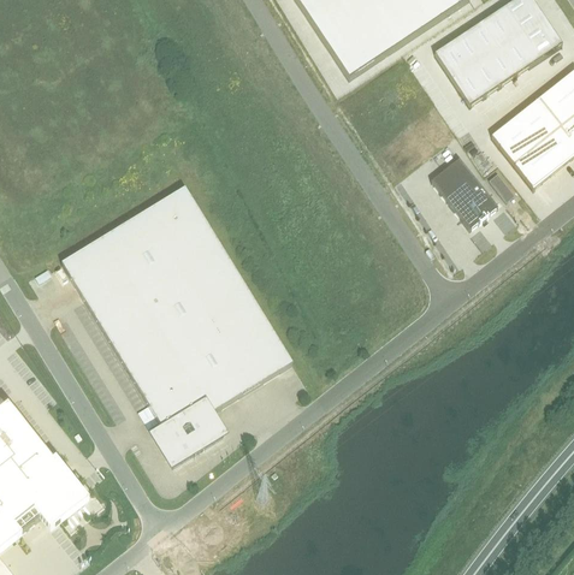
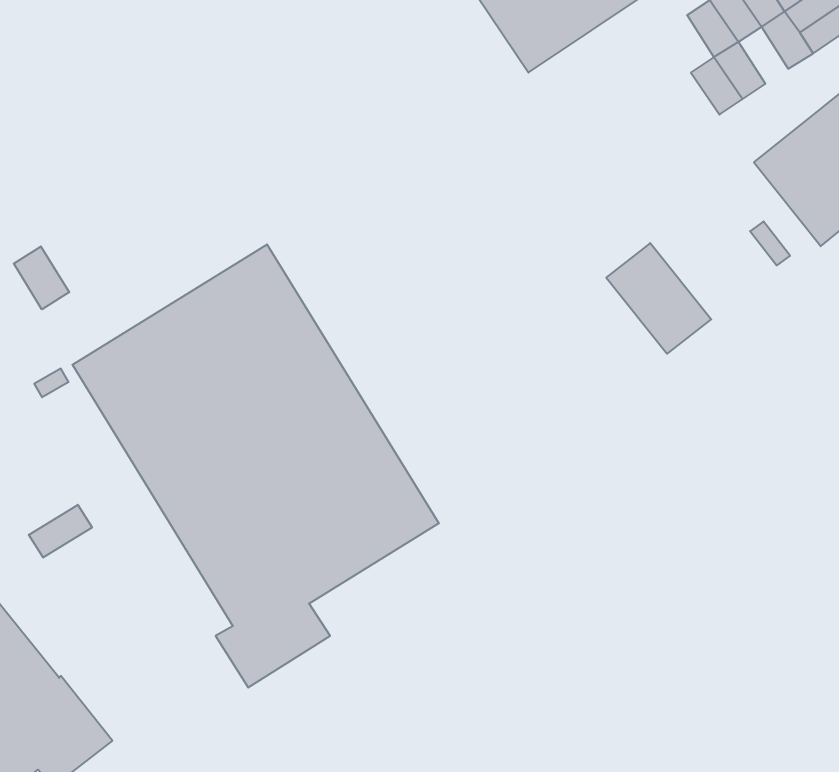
building: [434,41,466,77] -> none
building: [481,48,513,84] -> none
building: [431,156,497,226] -> [606,243,711,354]
building: none -> [14,246,69,309]
building: none -> [29,505,92,558]

